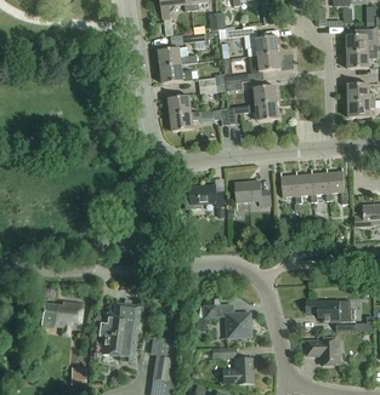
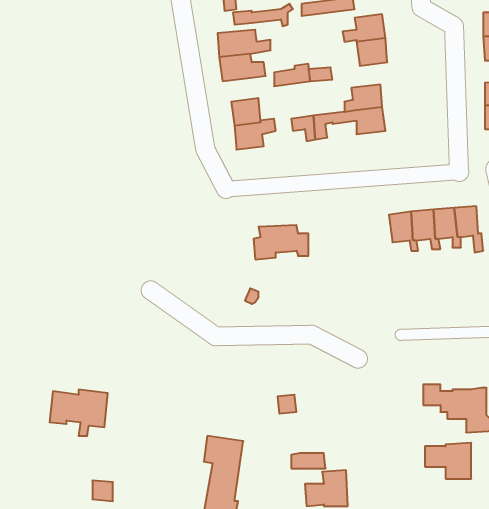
building: [236,181,272,205] -> none
building: [98,298,140,356] -> none
building: [226,311,251,337] -> none

